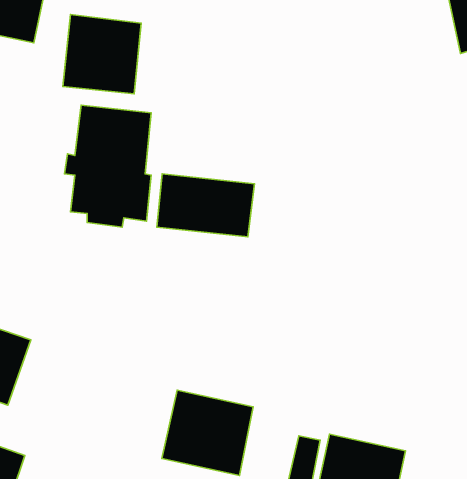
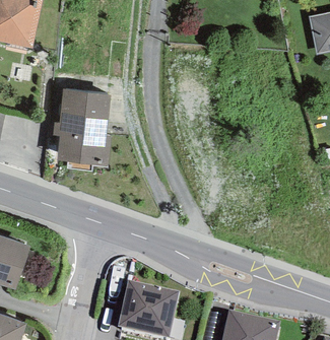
building: [63,15,141,94] -> none
building: [157,174,255,237] -> none

